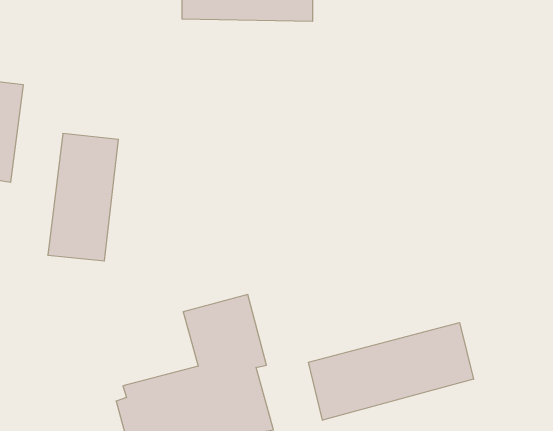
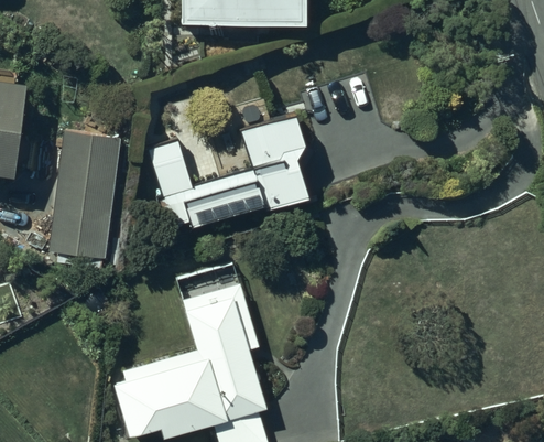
building: none -> [152,115,309,228]
building: [308,323,474,420] -> none

